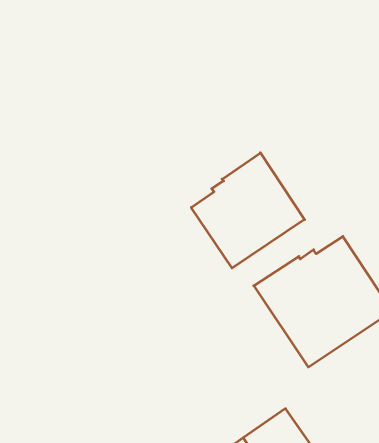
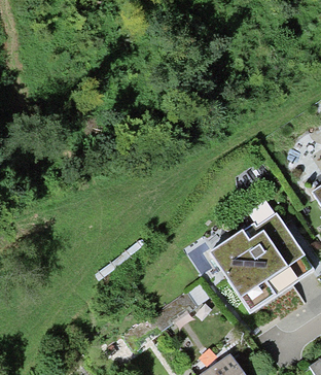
building: [191,153,305,268] -> none

